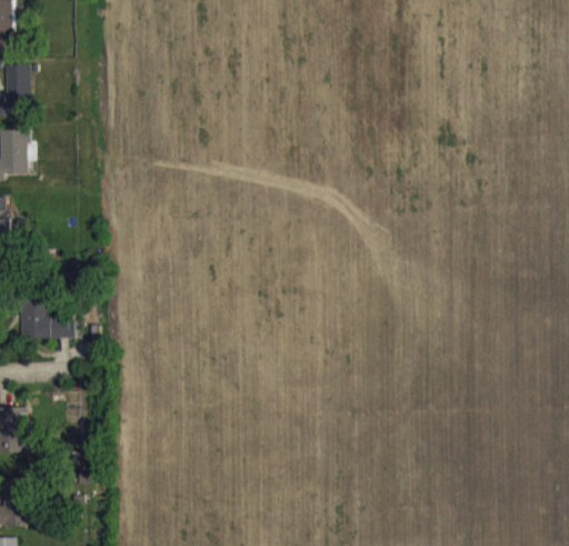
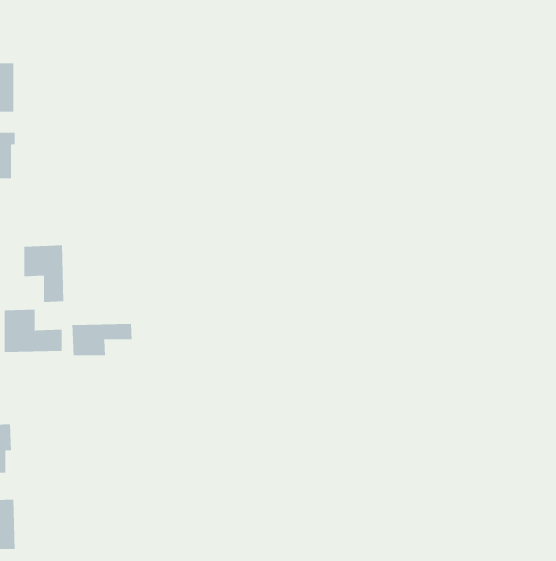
building: none -> [24,244,64,303]
building: none -> [72,323,132,356]

